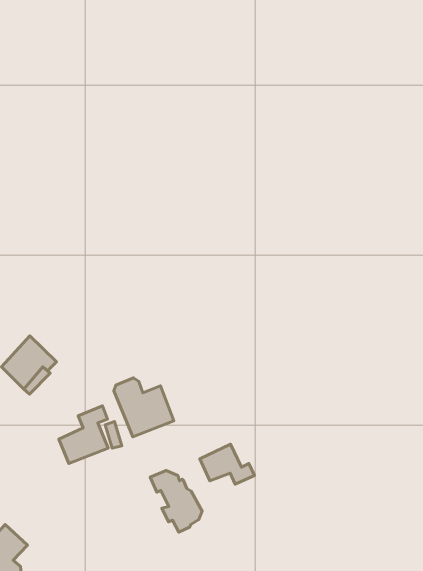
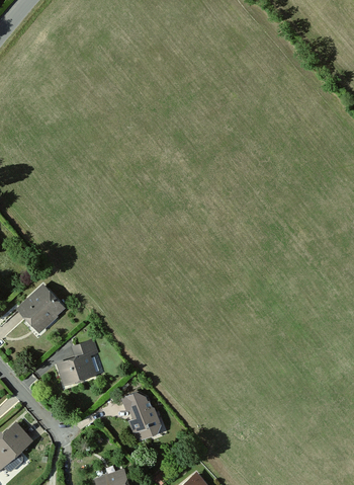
building: [114,378,174,437] -> none
building: [200,444,255,484] -> none

